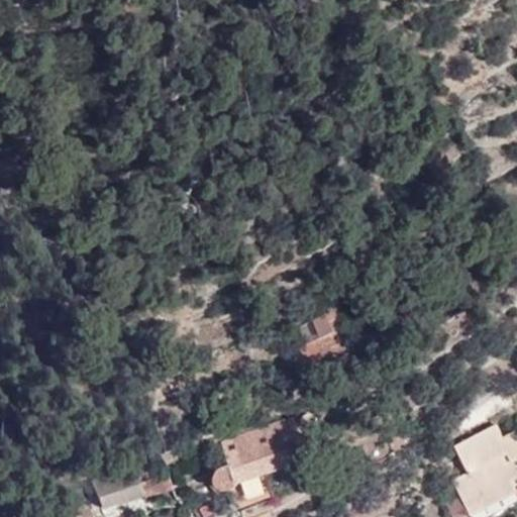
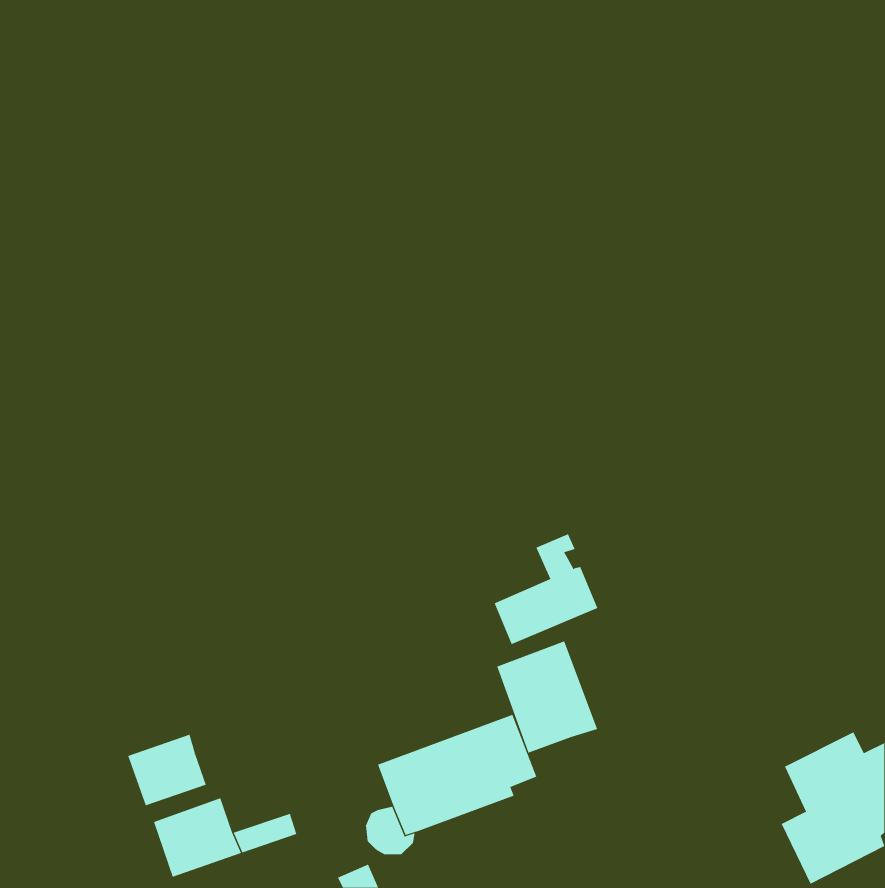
building: none -> [496,640,598,754]
building: none -> [127,734,207,806]

